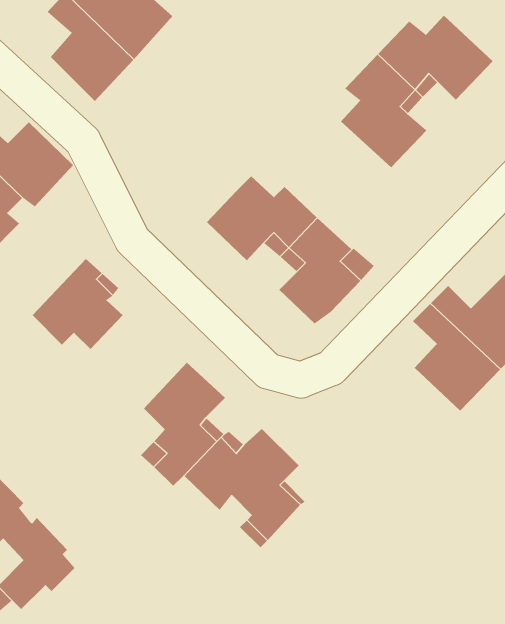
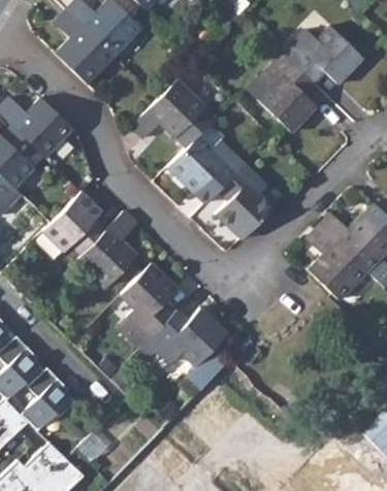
building: none -> [131,77,216,145]
building: none -> [79,212,138,287]

